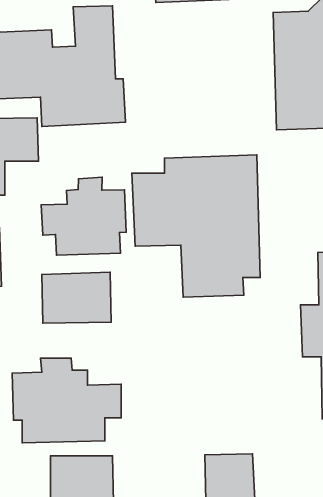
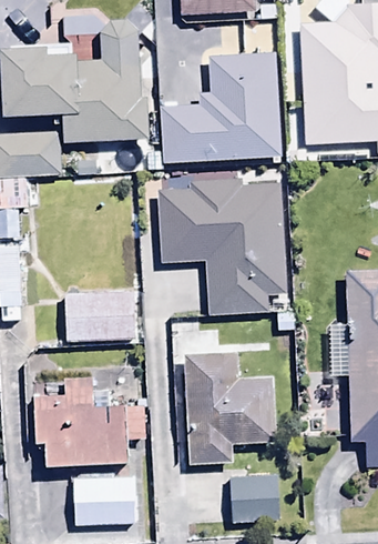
building: none -> [160,52,282,162]
building: [41,177,126,255] -> none
building: none -> [185,349,276,464]

